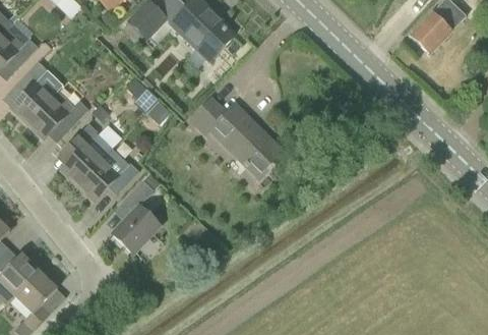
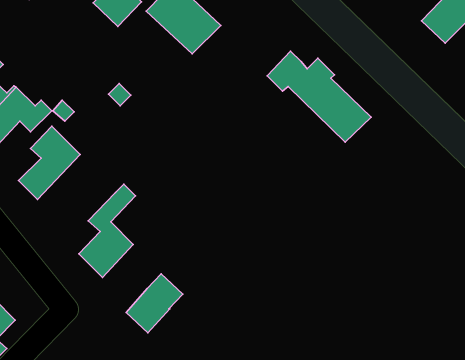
building: [191,98,281,176] -> [267,51,371,142]
building: [77,148,139,202] -> none
building: none -> [126,274,183,333]

